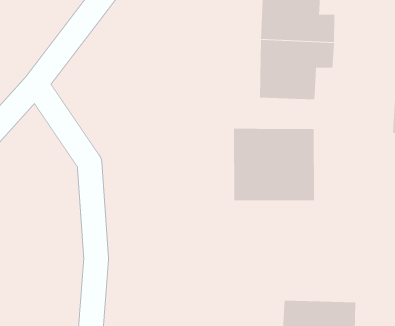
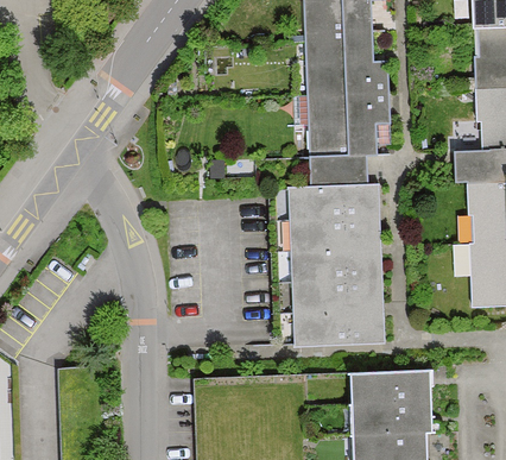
building: none -> [312,157,374,191]
building: none -> [291,266,382,349]

